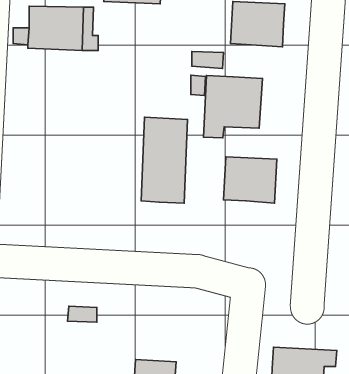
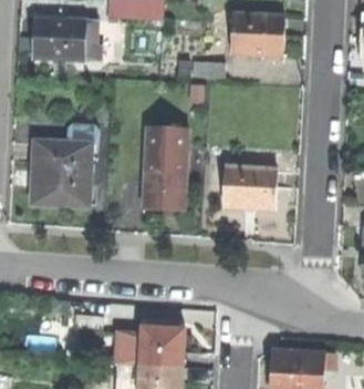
building: [203,75,262,138] -> none
building: none -> [32,142,92,206]
building: none -> [129,318,180,366]

